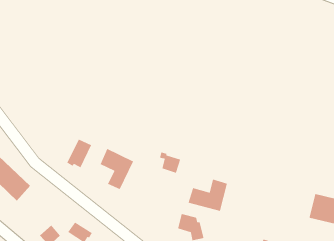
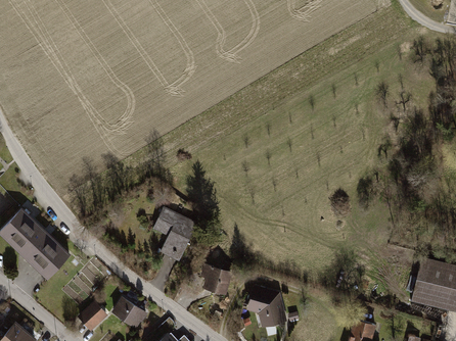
building: [66,139,92,169] -> none
building: [159,152,181,174] -> [202,265,230,293]
building: [188,178,228,212] -> none

